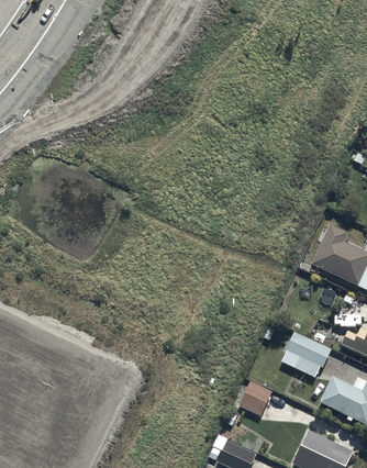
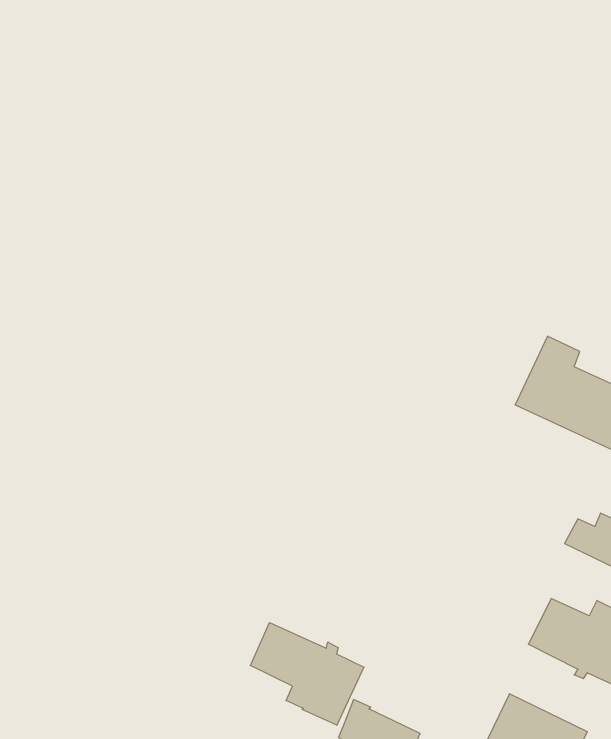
building: [281,332,331,377] -> none
building: [238,381,271,415] -> none
building: none -> [250,623,364,725]

